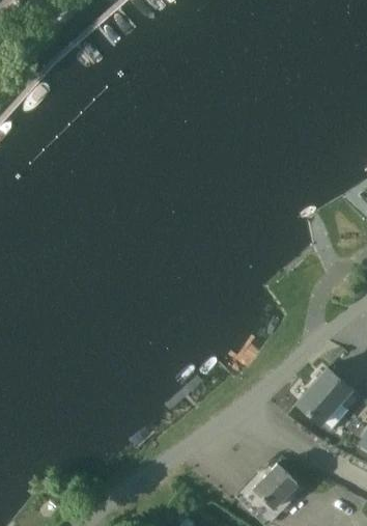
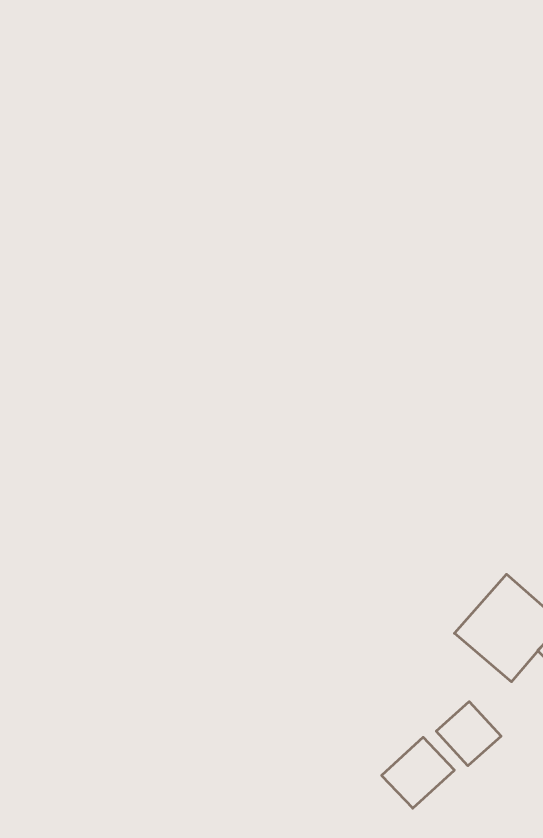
building: none -> [436,702,501,766]

